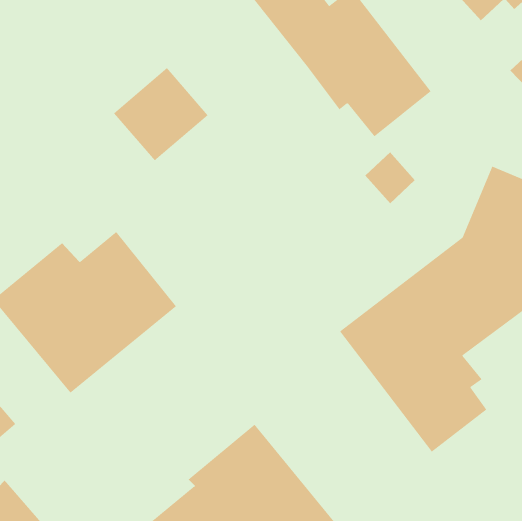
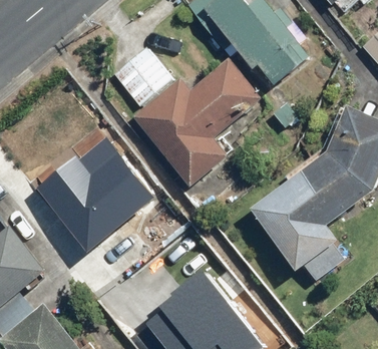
building: none -> [128,55,262,188]

